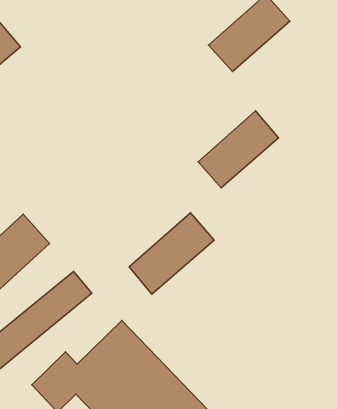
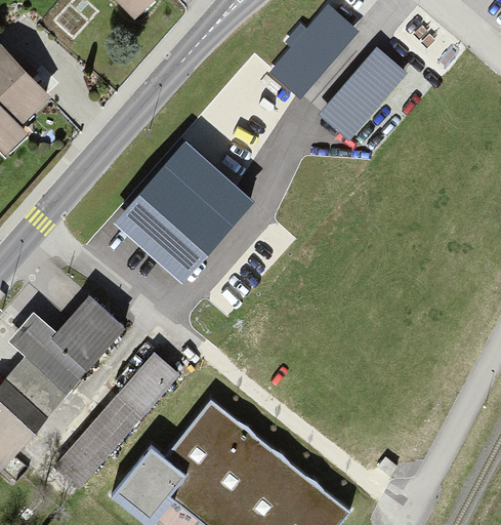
building: none -> [115,143,255,284]
building: [198,111,278,188] -> [319,47,408,142]
building: [129,213,214,294] -> none

